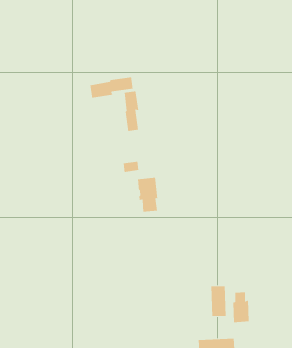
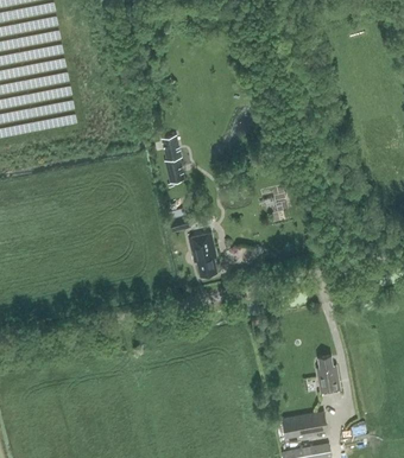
building: [90,77,133,98] -> none
building: [211,285,226,317] -> none

